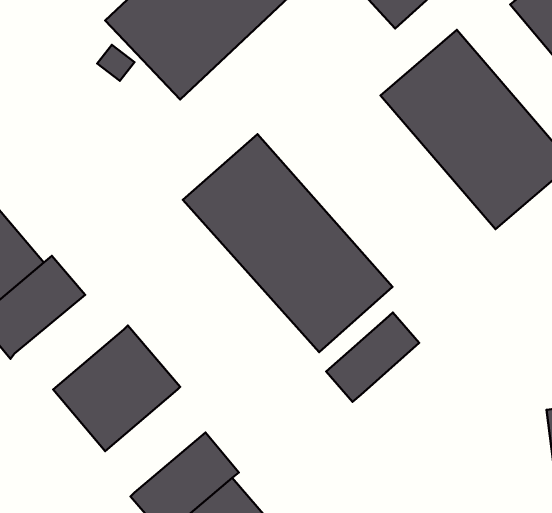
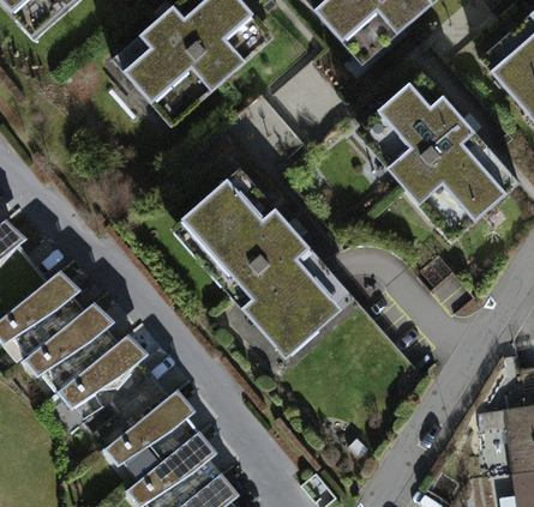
building: none -> [24,304,122,397]
building: [326,312,419,402] -> none
building: none -> [103,393,200,485]

